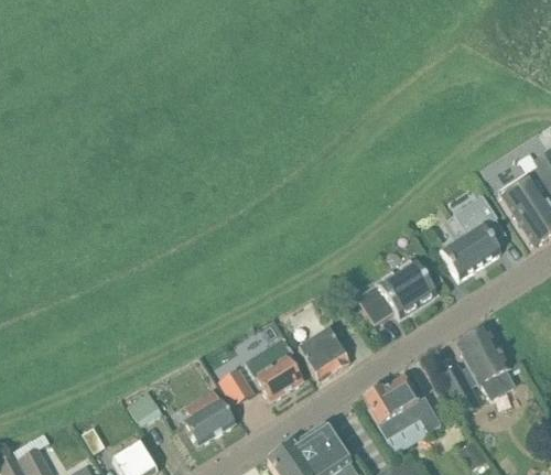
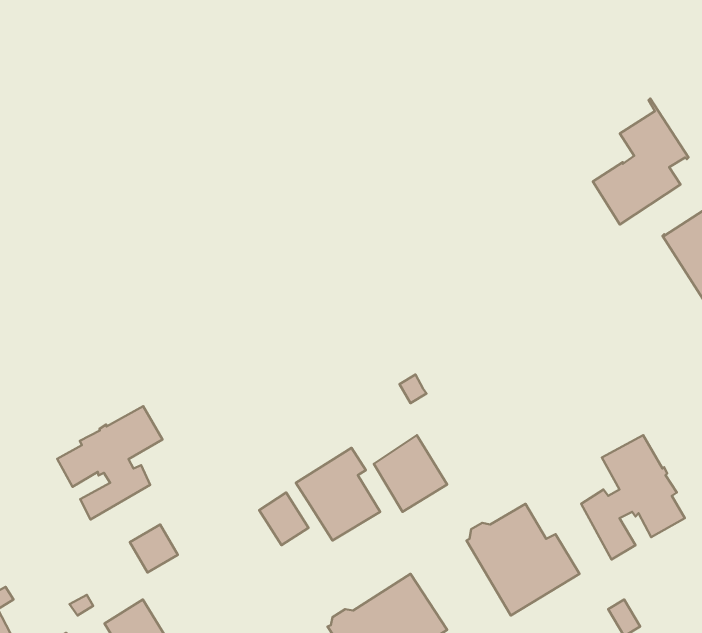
building: [440,193,506,280] -> [593,99,688,225]
building: [357,259,443,325] -> none
building: none -> [57,406,163,520]
building: [183,388,235,445] -> none

